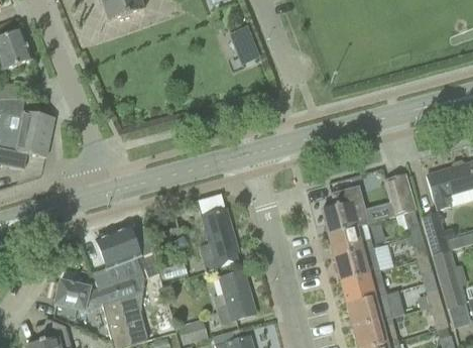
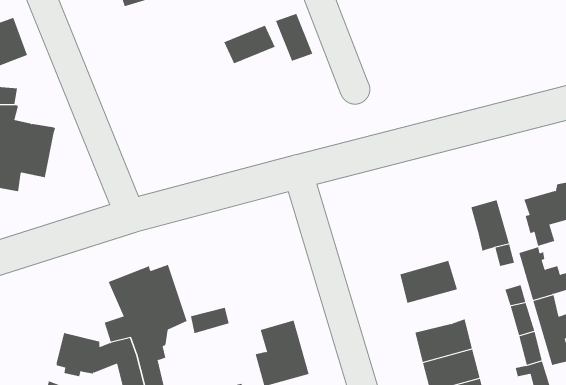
building: none -> [223,25,275,64]
building: [322,177,367,234] -> none
building: [199,209,238,262] -> none
building: [334,246,380,280] -> none

